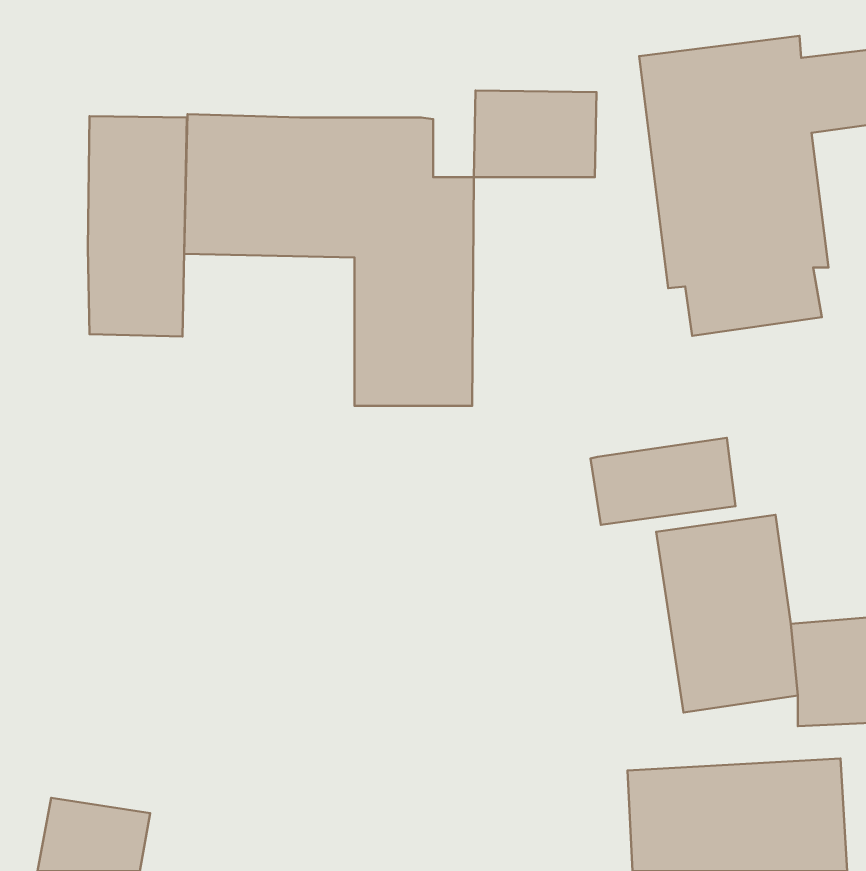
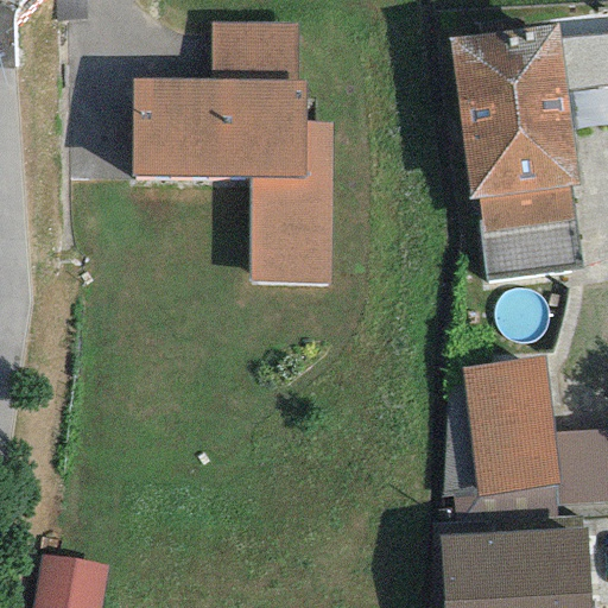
building: [474,90,597,177] -> [213,21,298,82]
building: [88,116,187,336] -> none
building: [591,438,735,525] -> [481,221,582,281]

